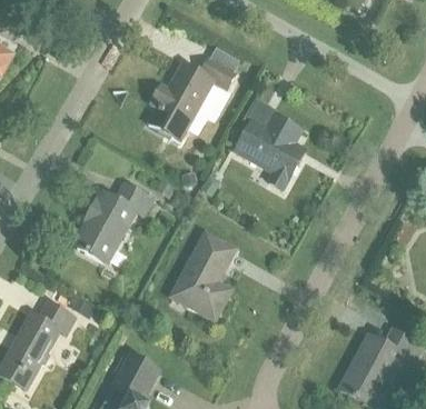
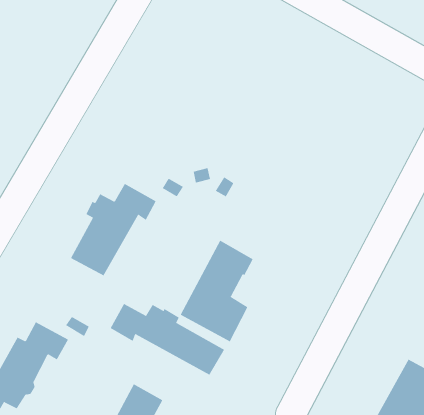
building: [147,58,235,140] -> none
building: [235,113,300,190] -> none
building: none -> [110,303,225,375]

